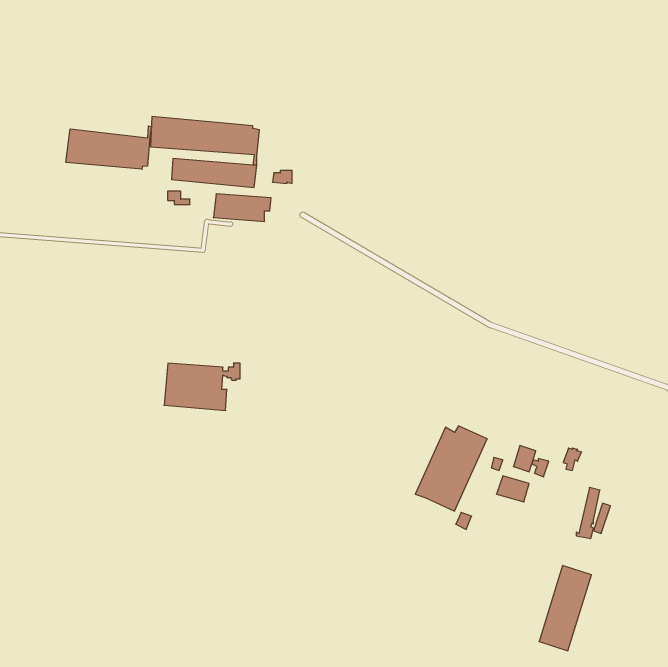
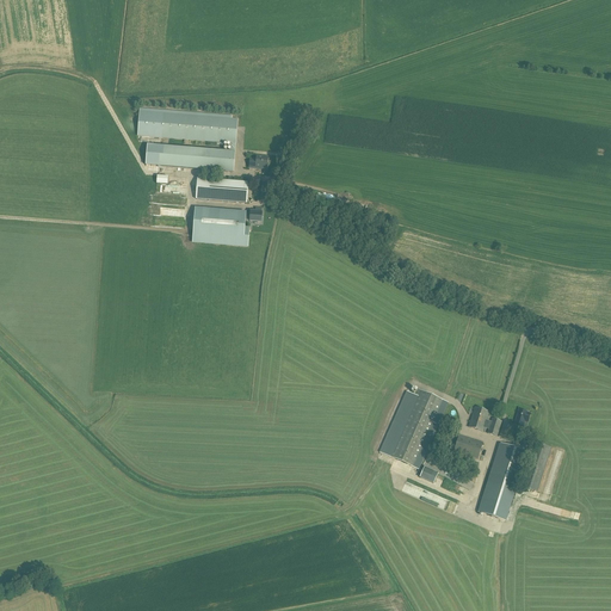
building: [66,126,152,169] -> none
building: [164,363,240,410] -> [191,206,260,249]
building: [539,566,591,651] -> [477,442,525,519]

